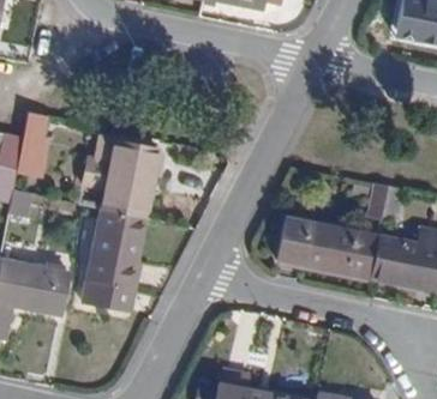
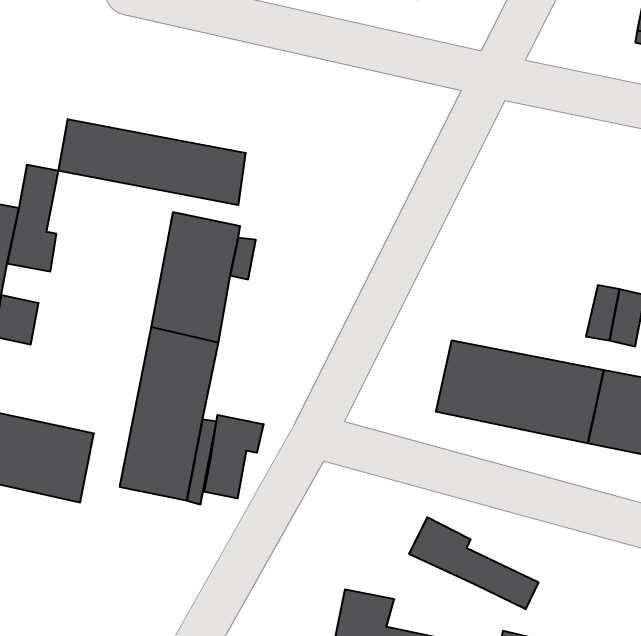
building: none -> [58,119,246,205]
building: none -> [204,415,264,498]
building: none -> [409,517,538,609]

